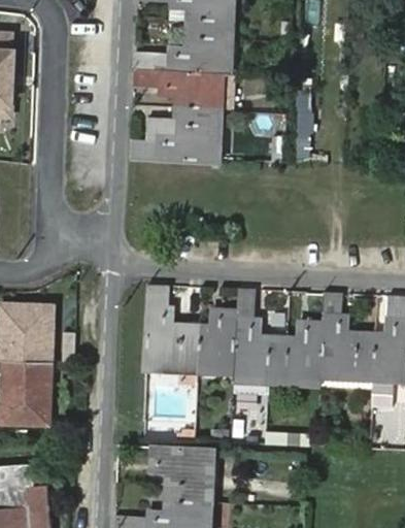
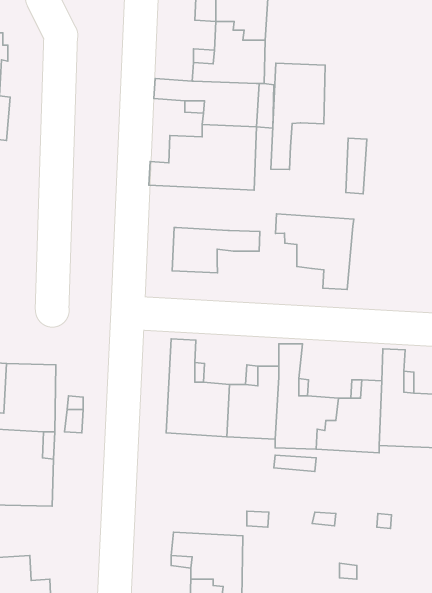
building: none -> [271,63,325,170]
building: none -> [275,214,354,290]
building: none -> [172,227,260,273]

